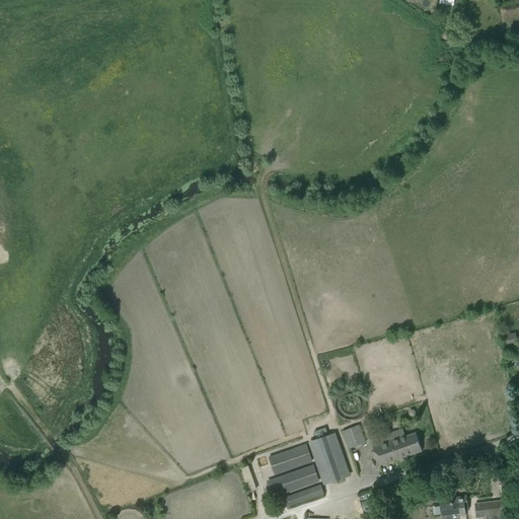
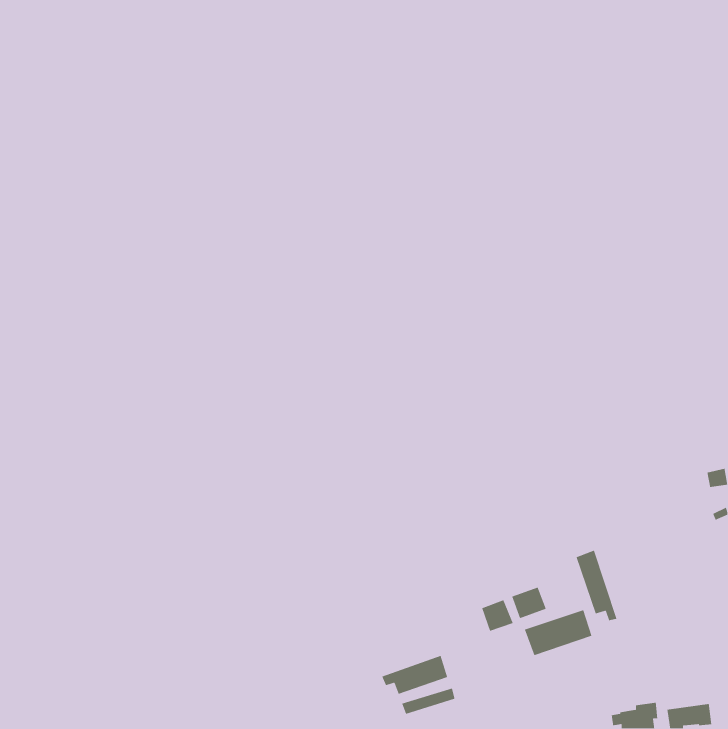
building: none -> [575,549,618,621]
building: [314,436,343,483] -> none
building: [270,444,311,472] -> none

